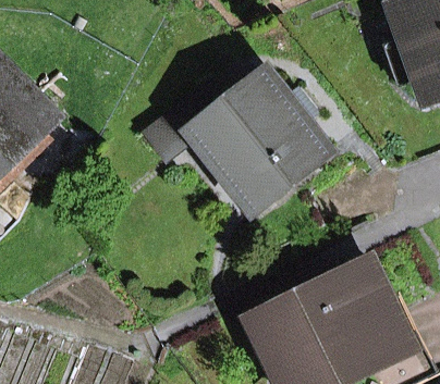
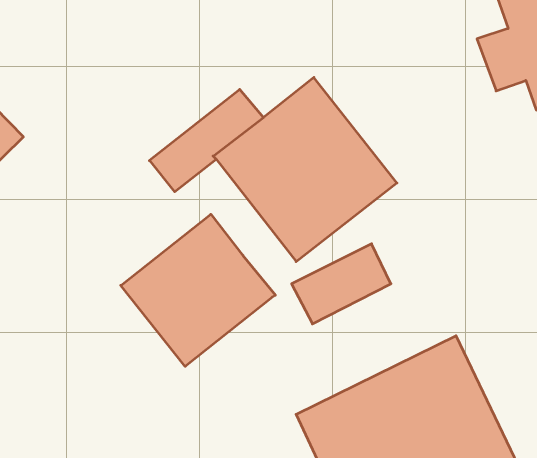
building: none -> [121,214,275,366]

